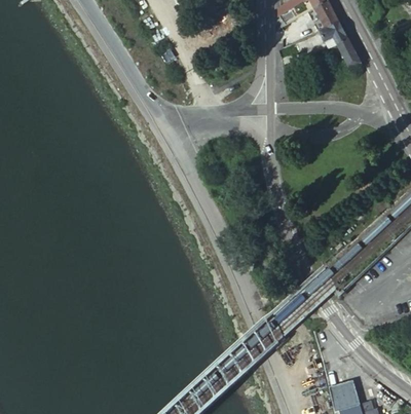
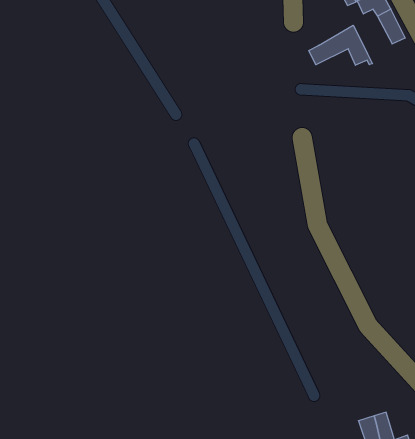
building: none -> [309,25,372,65]

